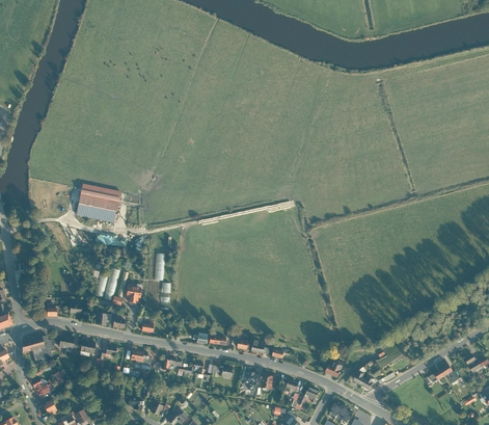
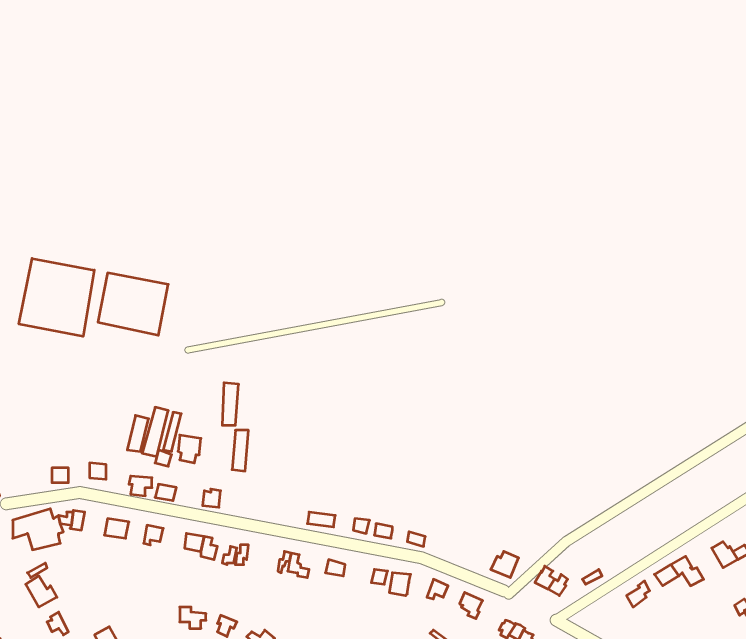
building: none -> [19,258,94,336]

